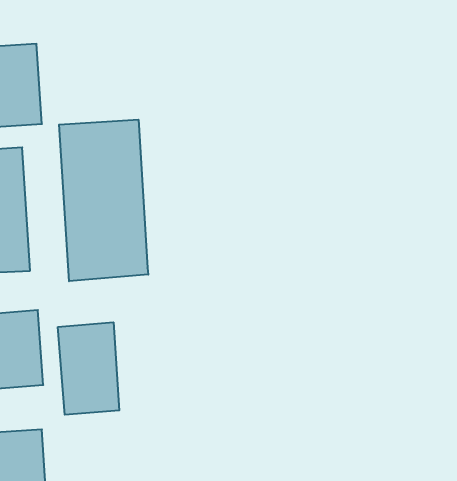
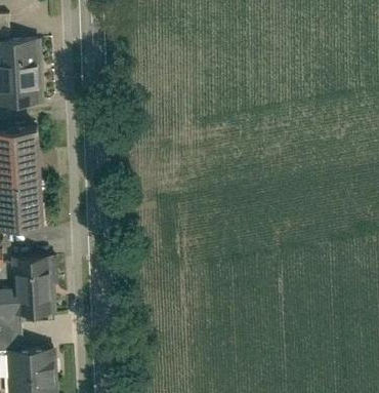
building: [59,120,148,281] -> none
building: [58,322,119,415] -> none

